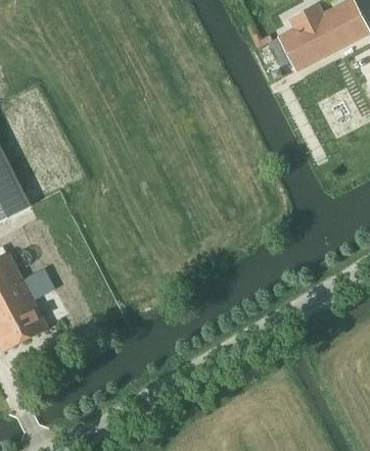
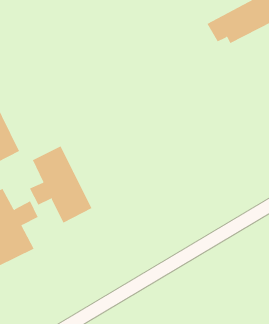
building: none -> [29,146,92,224]

